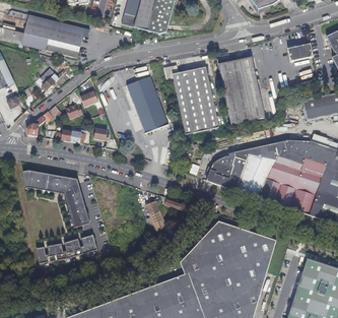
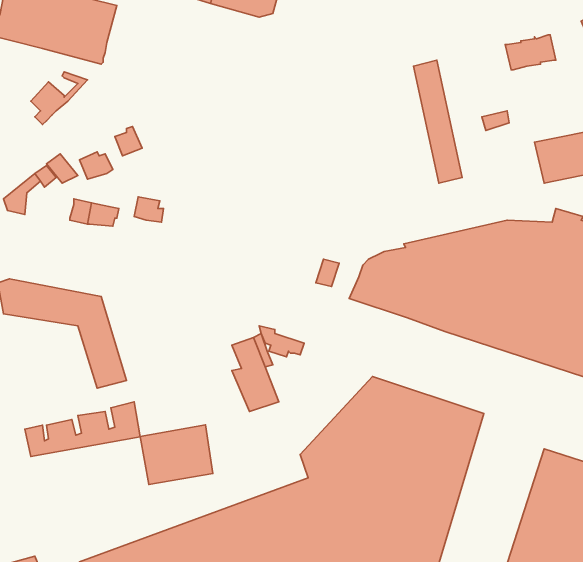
building: [216,56,252,124] -> none
building: [162,64,218,134] -> none
building: [126,75,167,133] -> none
building: none -> [140,425,213,485]

